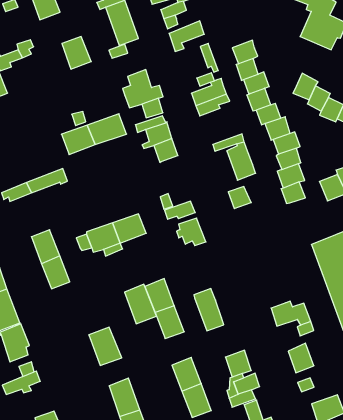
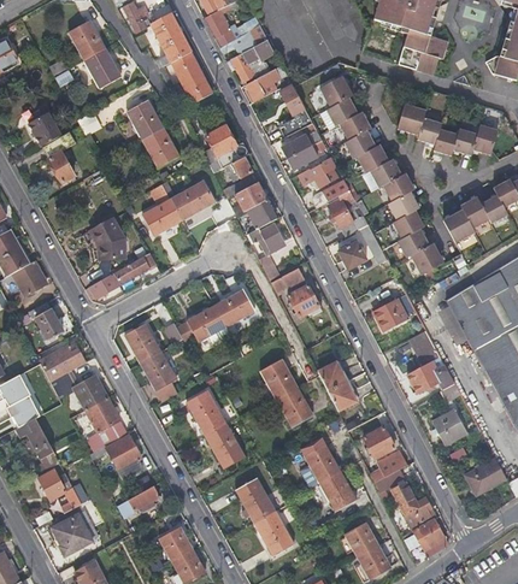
building: none -> [142,126,179,167]
building: none -> [299,158,340,190]
building: none -> [90,217,124,258]
building: none -> [249,223,284,255]
building: none -> [411,241,445,272]
building: none -> [373,299,411,335]
building: none -> [411,331,440,366]
building: [125,284,156,324] -> [188,389,228,435]

